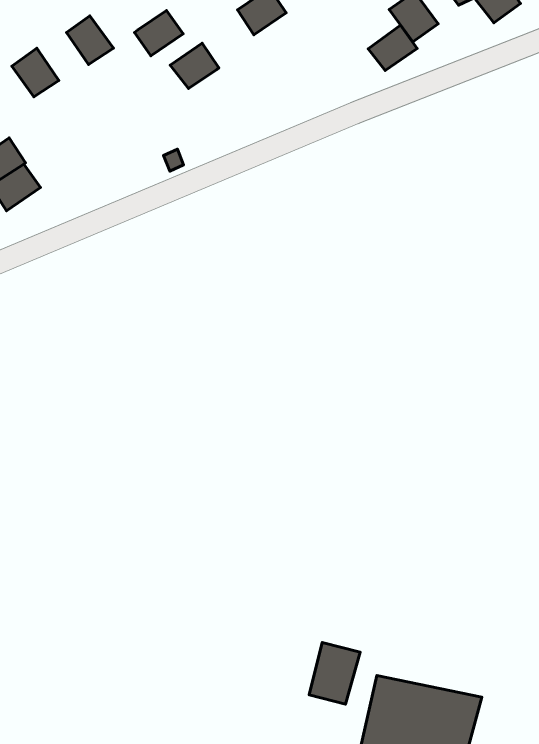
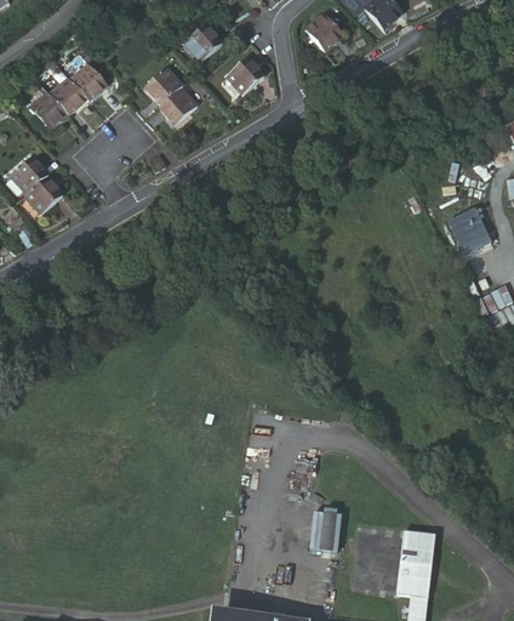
building: [134,10,183,56] -> [160,90,196,125]
building: [368,25,417,70] -> [227,61,263,96]
building: none -> [47,75,86,114]

